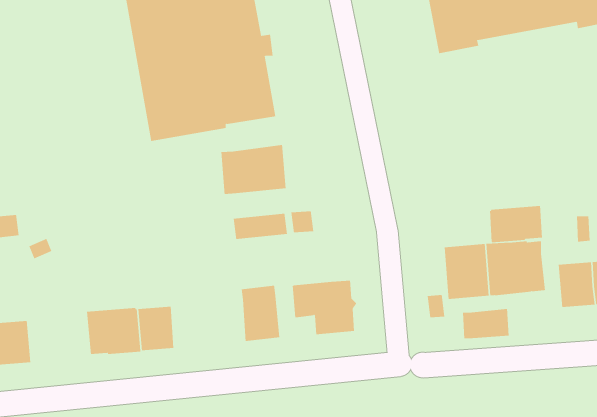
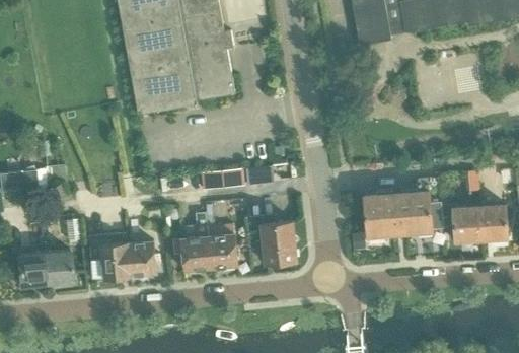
building: [221,144,286,195] -> none
building: [489,205,542,243] -> none
building: none -> [172,236,211,271]
building: [463,308,509,339] -> none
building: none -> [43,251,72,285]

